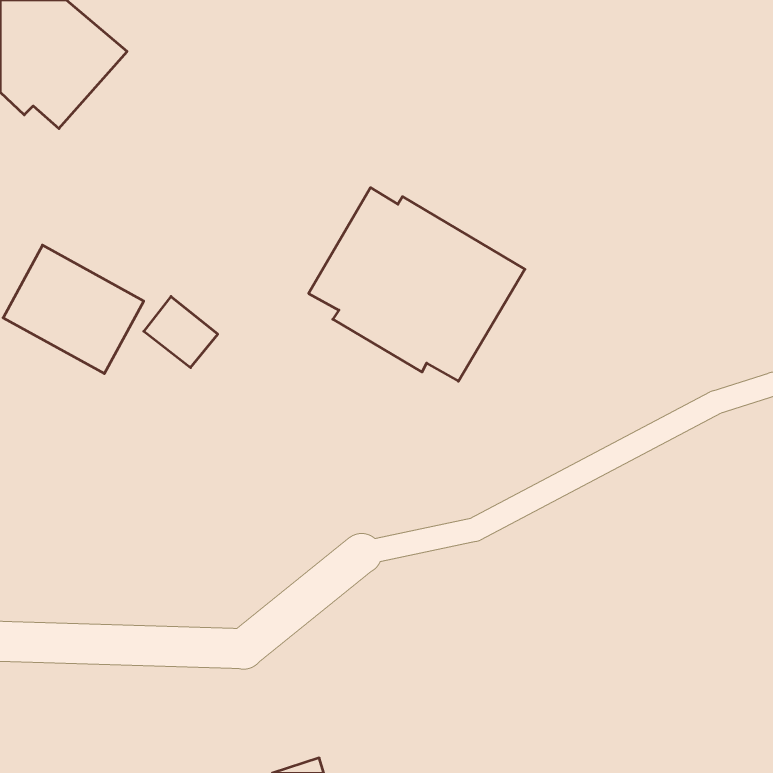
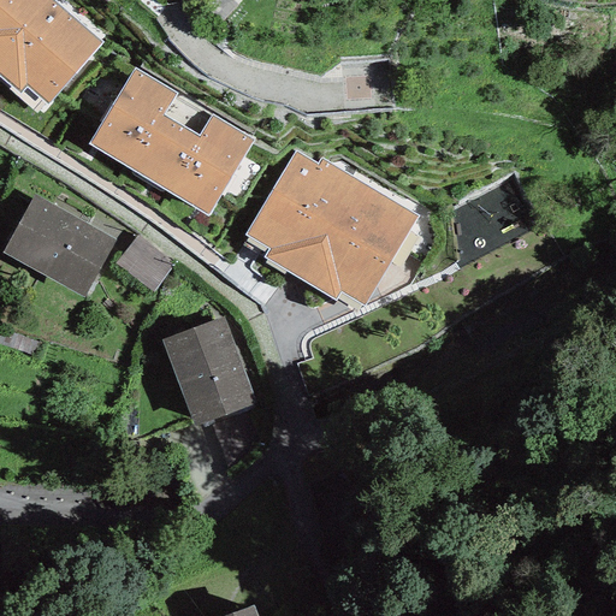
building: none -> [88,67,253,214]
building: none -> [162,316,255,424]

